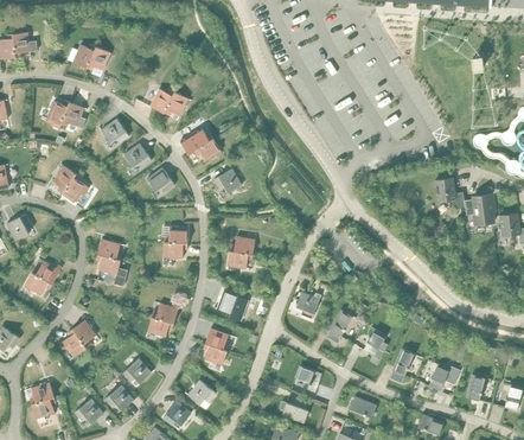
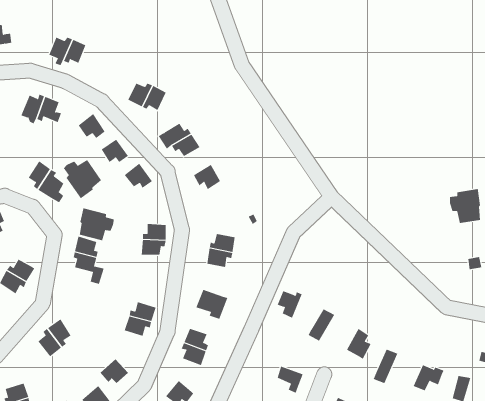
building: none -> [63,159,102,199]
building: [433,176,464,208] -> none
building: none -> [79,207,114,241]

